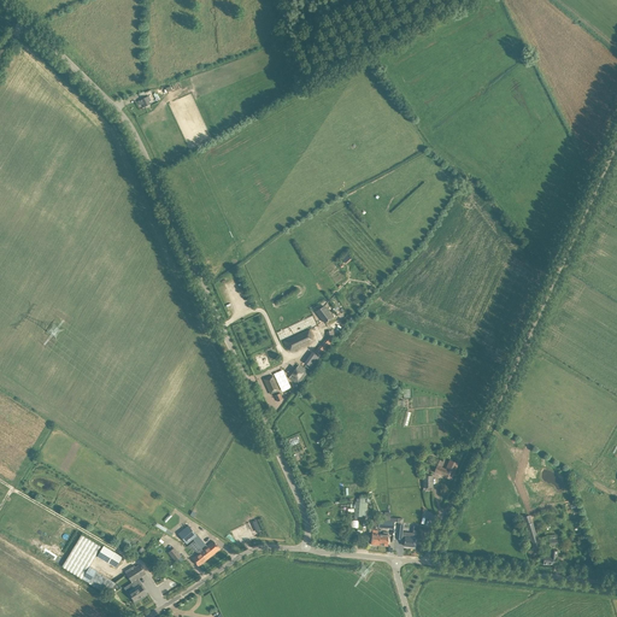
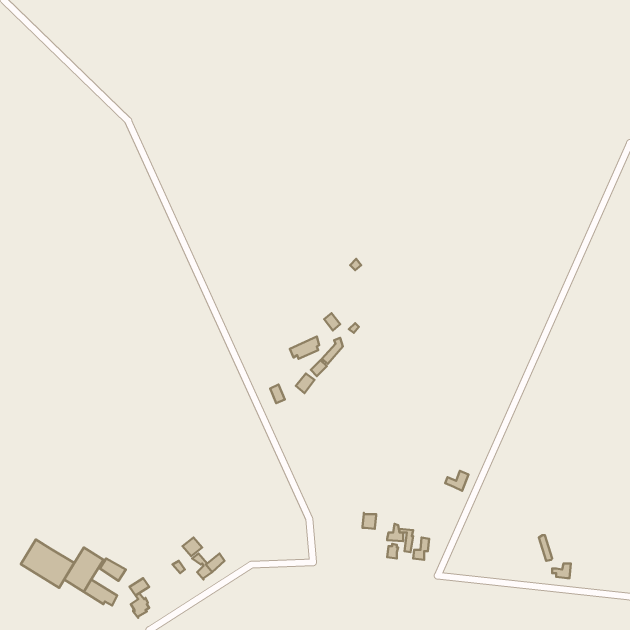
building: none -> [21,539,74,588]

